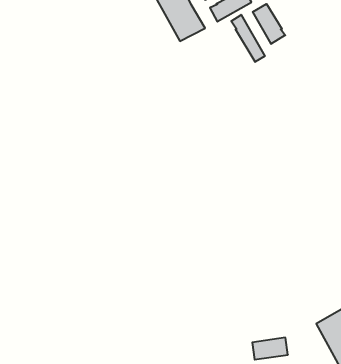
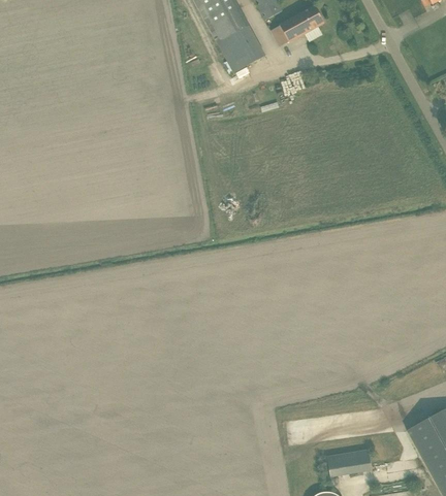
building: [253,4,285,44] -> none
building: [231,15,265,62] -> none

